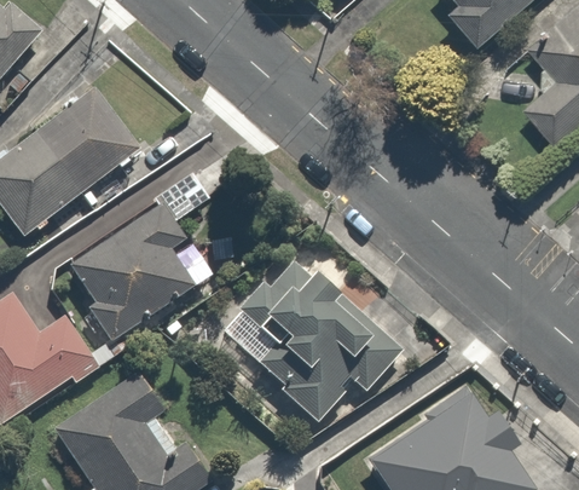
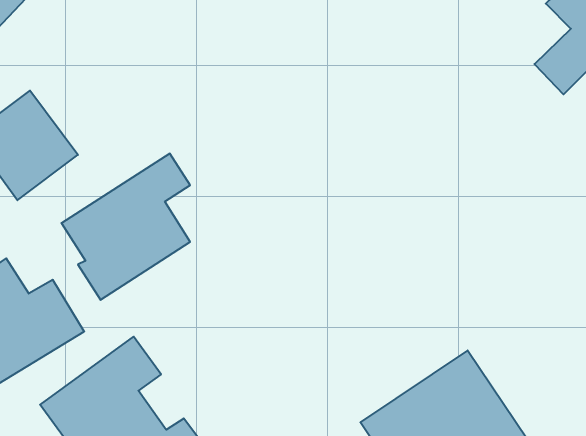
building: [40,91,144,196] -> none
building: [250,269,396,420] -> none

